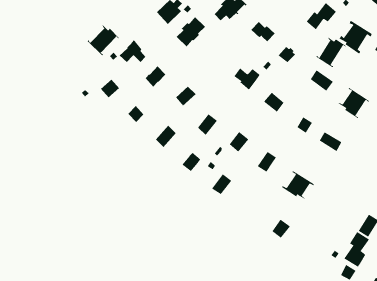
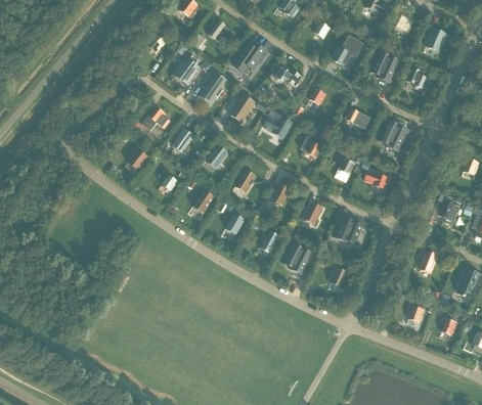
building: [87,24,120,56] -> none
building: [315,37,347,68] -> none
building: none -> [228,94,255,124]
building: none -> [281,242,314,275]
building: [344,231,370,267] -> none

